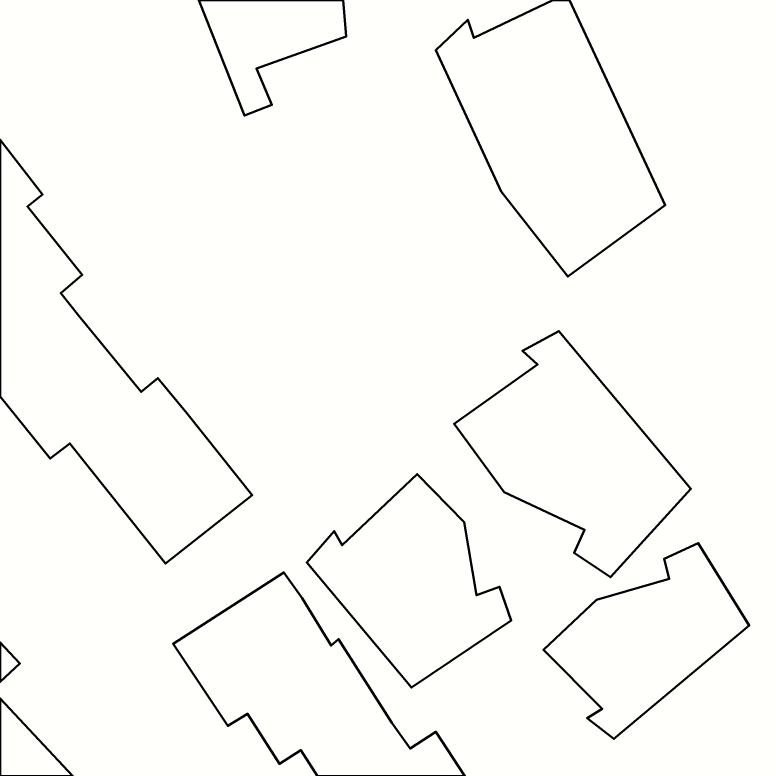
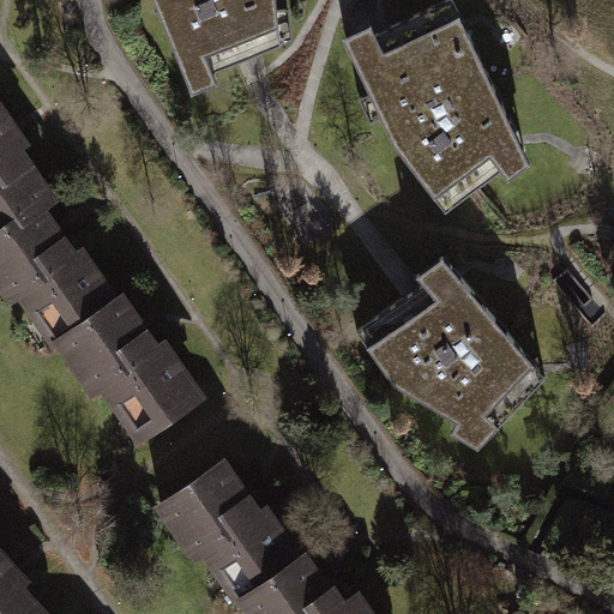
building: [307,474,511,688] -> none
building: [544,543,749,739] -> none

